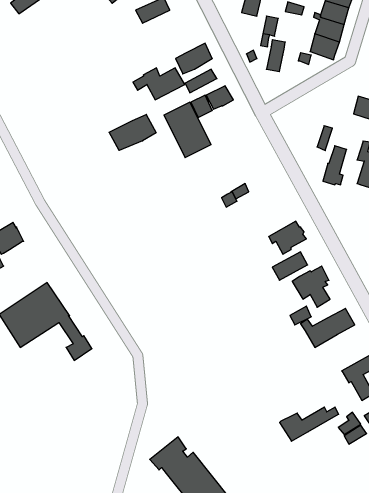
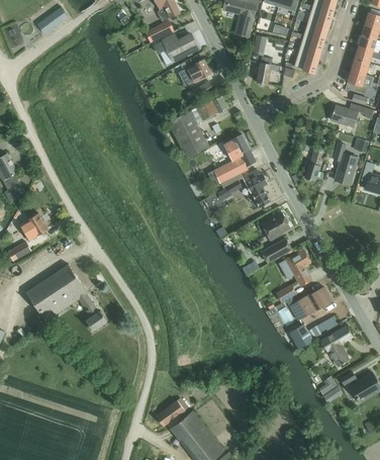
building: [133,68,185,100] -> [154,34,198,62]
building: [109,114,156,150] -> none
building: none -> [213,134,255,183]
building: none -> [242,170,268,206]
building: [280,407,339,441] -> [288,319,339,349]

